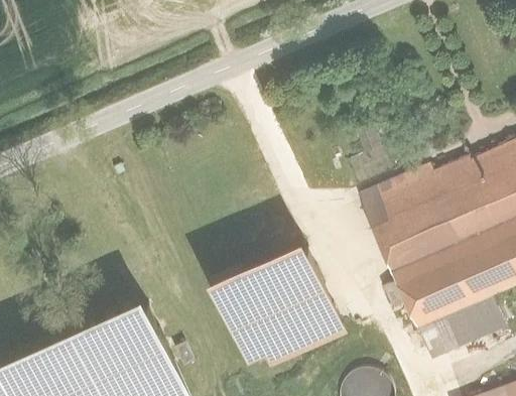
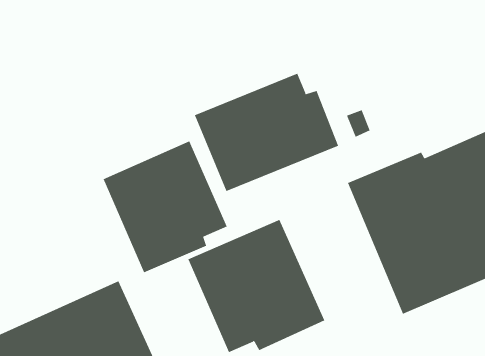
building: none -> [194,73,339,192]
building: none -> [103,140,227,273]

